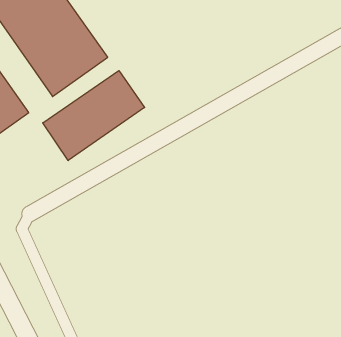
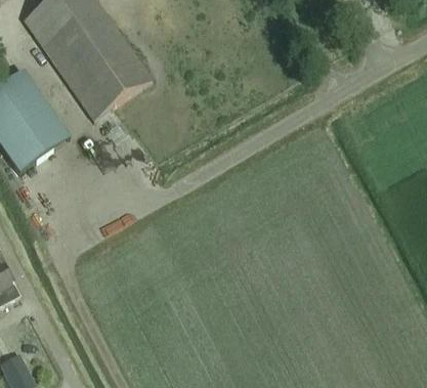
building: [43,71,145,161] -> none

